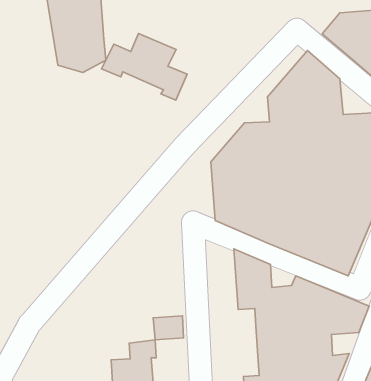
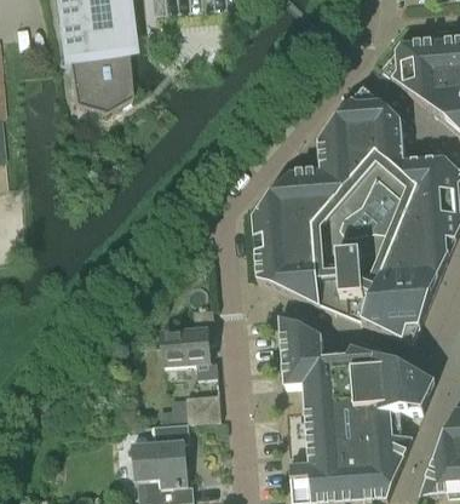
building: [102,33,187,100] -> none
building: none -> [161,305,217,362]

